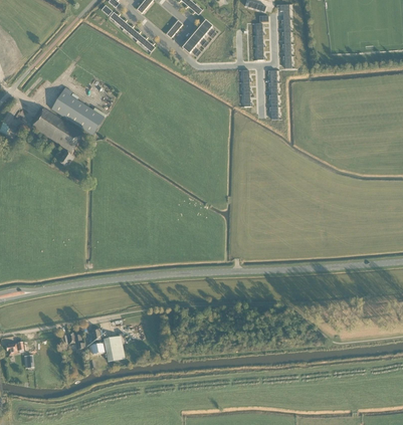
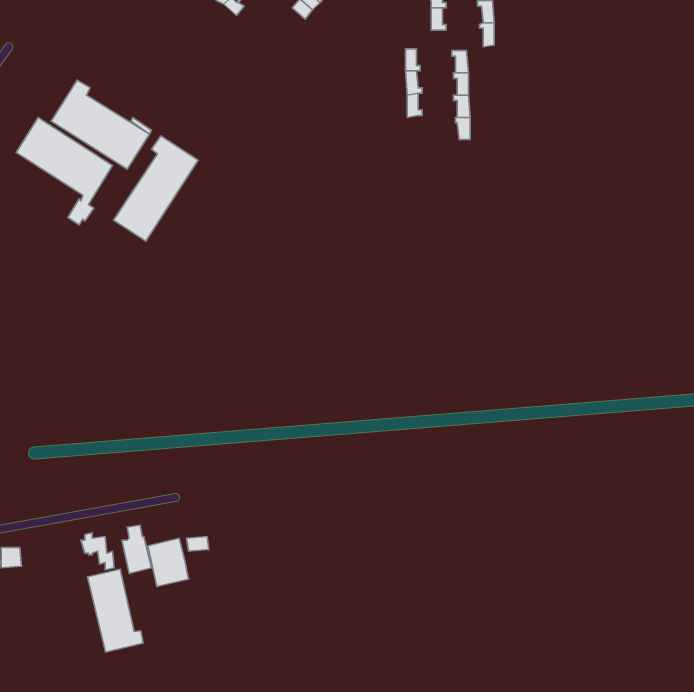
building: none -> [114,136,198,241]
building: none -> [88,569,143,652]

